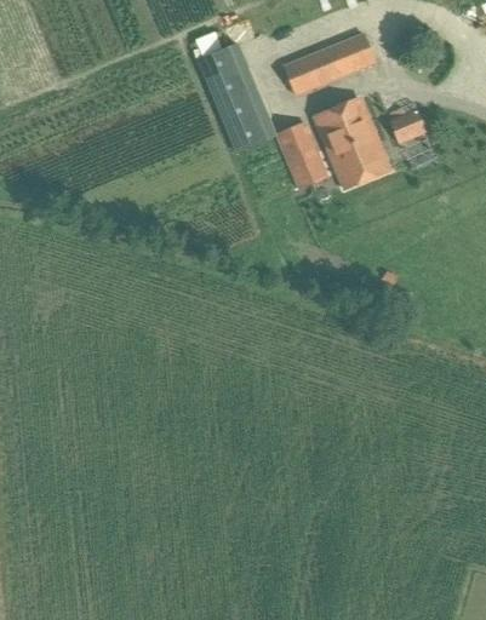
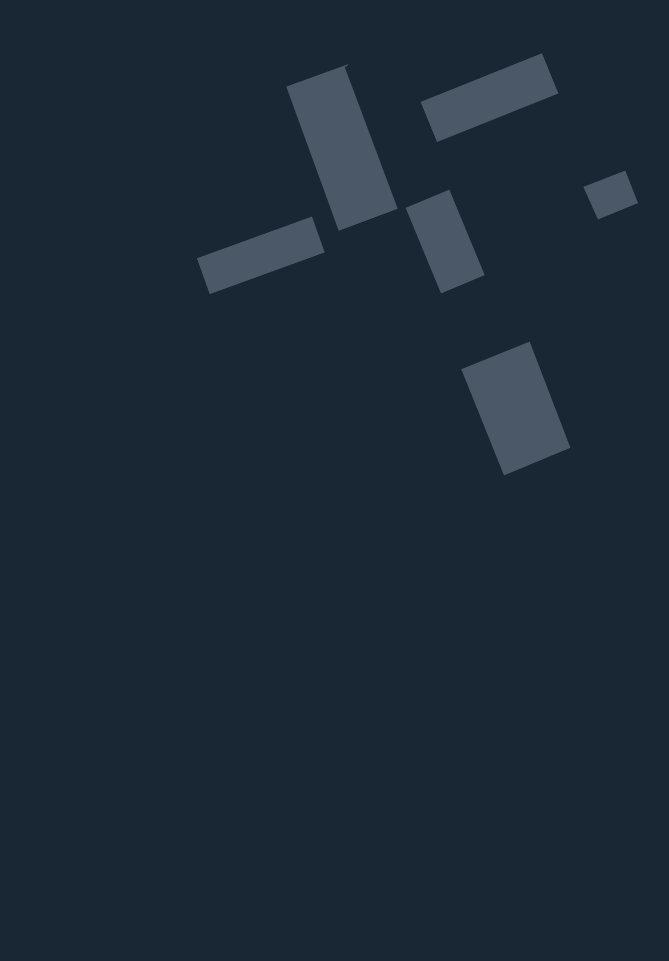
building: [316,99,388,186] -> [460,340,572,477]
building: none -> [196,215,326,295]

